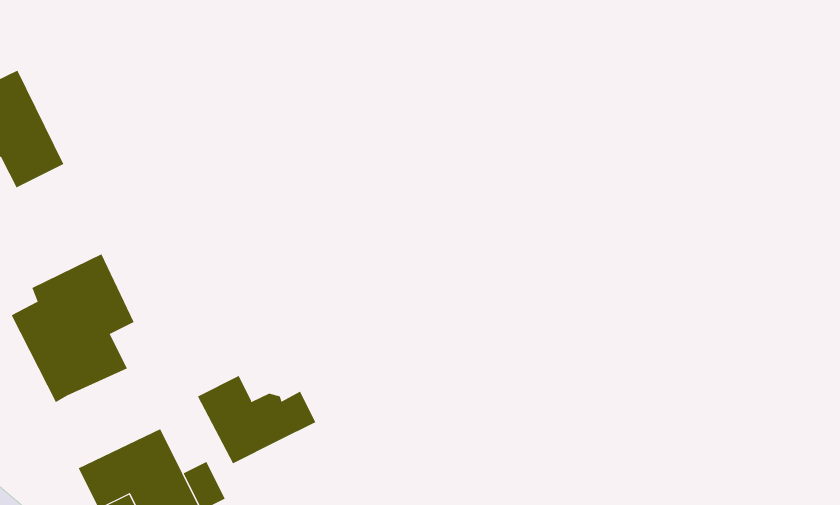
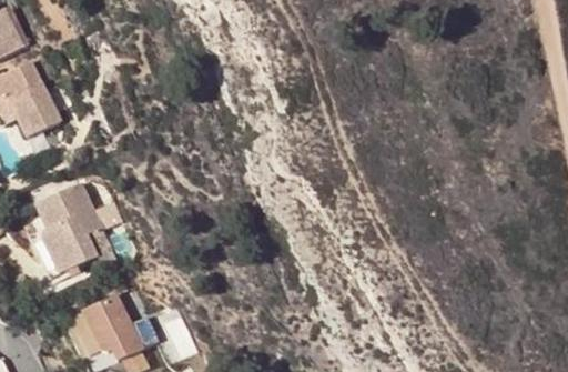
building: [197,375,316,464] -> none

